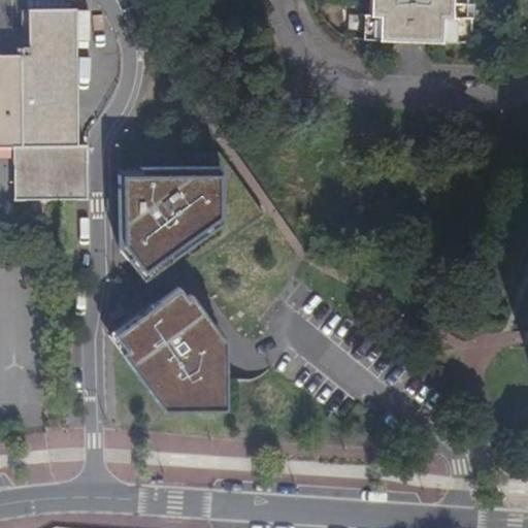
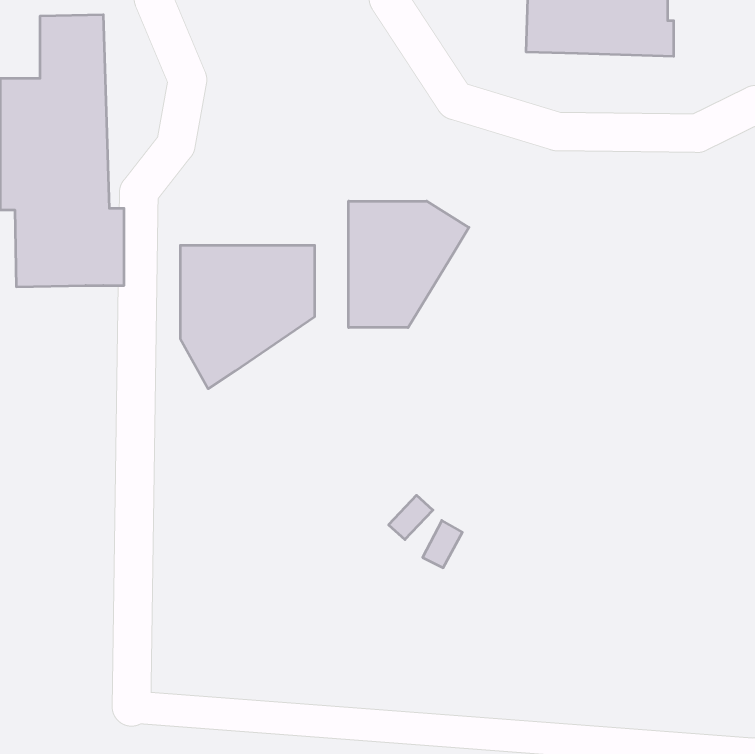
building: none -> [349,201,469,328]
building: [112,284,222,408] -> none

